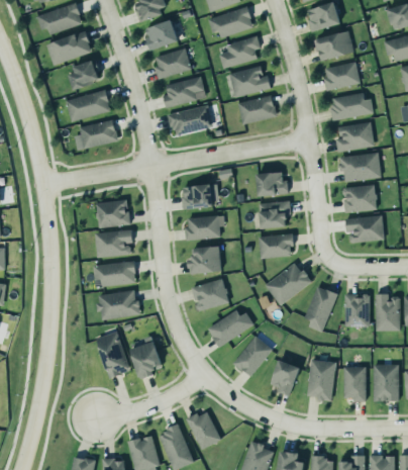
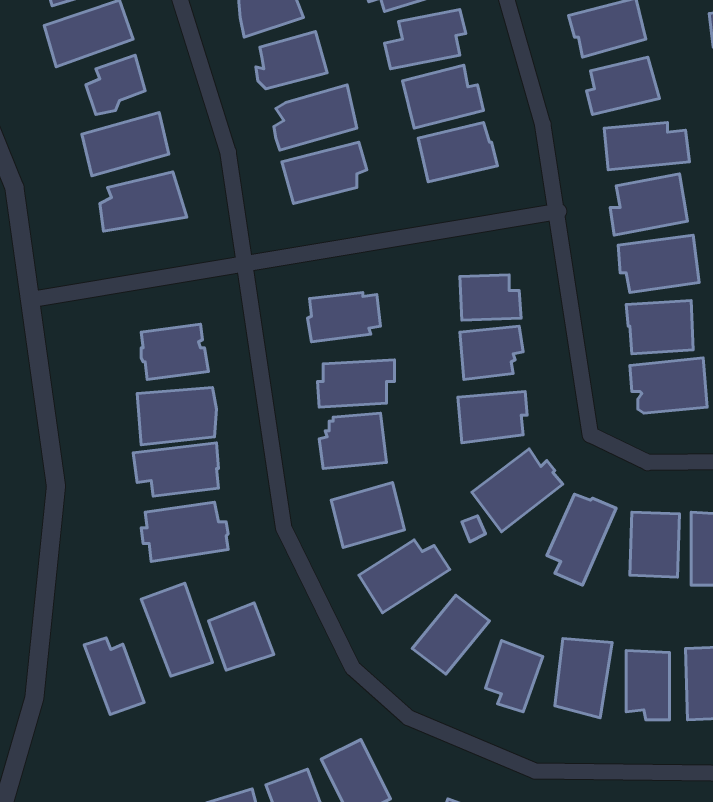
building: none -> [84,638,144,715]

